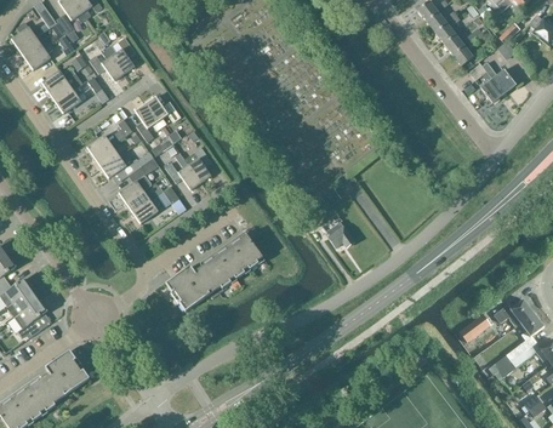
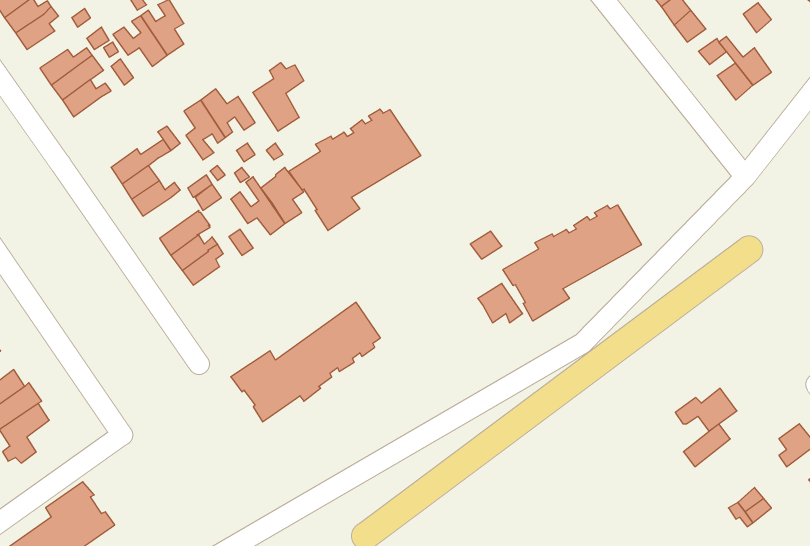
building: none -> [253,63,304,131]
building: none -> [289,109,421,231]
building: none -> [503,205,641,321]
building: [494,297,534,325] -> [675,388,737,431]

